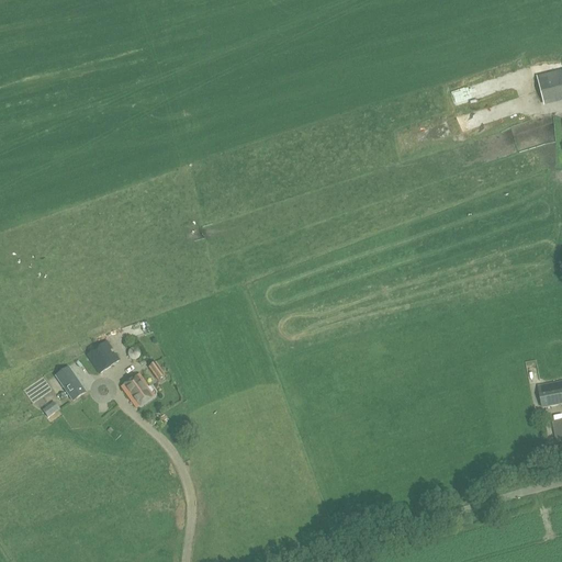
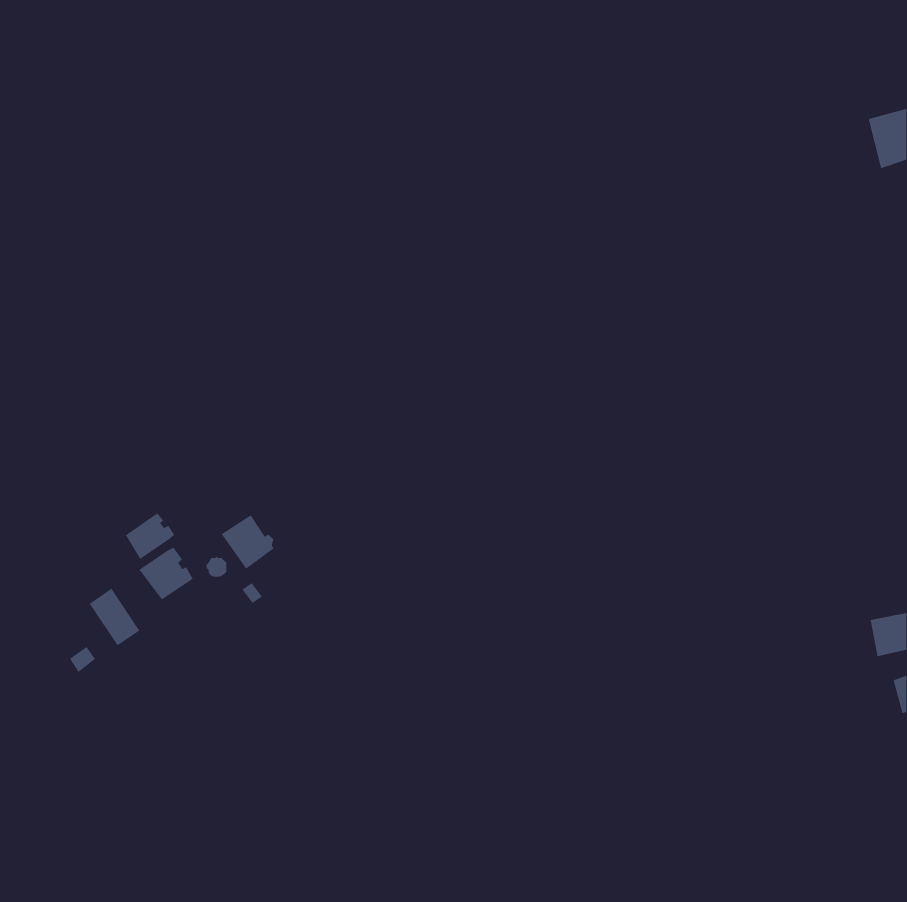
building: none -> [125,512,175,560]
building: [121,372,154,406] -> [221,515,274,570]

